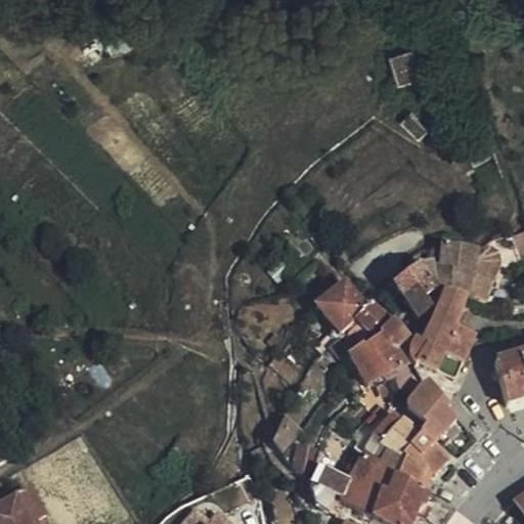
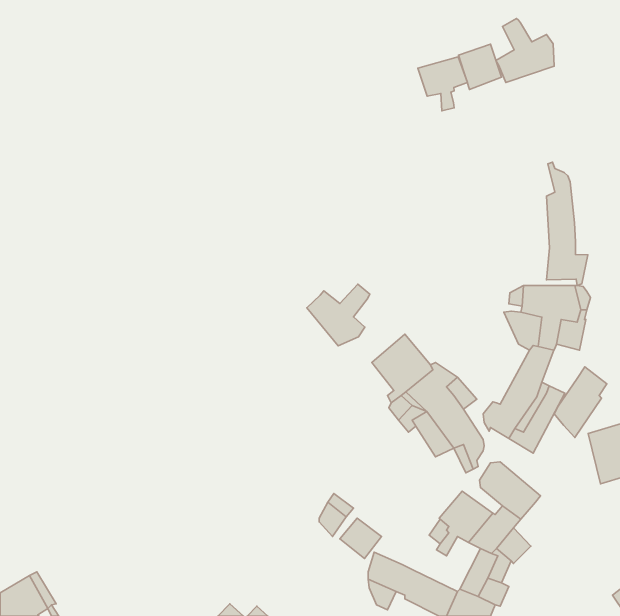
building: none -> [496,18,554,82]
building: none -> [418,57,467,111]
building: none -> [547,162,588,285]
building: none -> [307,284,370,346]
building: [392,261,438,314] -> none
building: none -> [554,367,607,437]
building: [349,448,406,494] -> none

